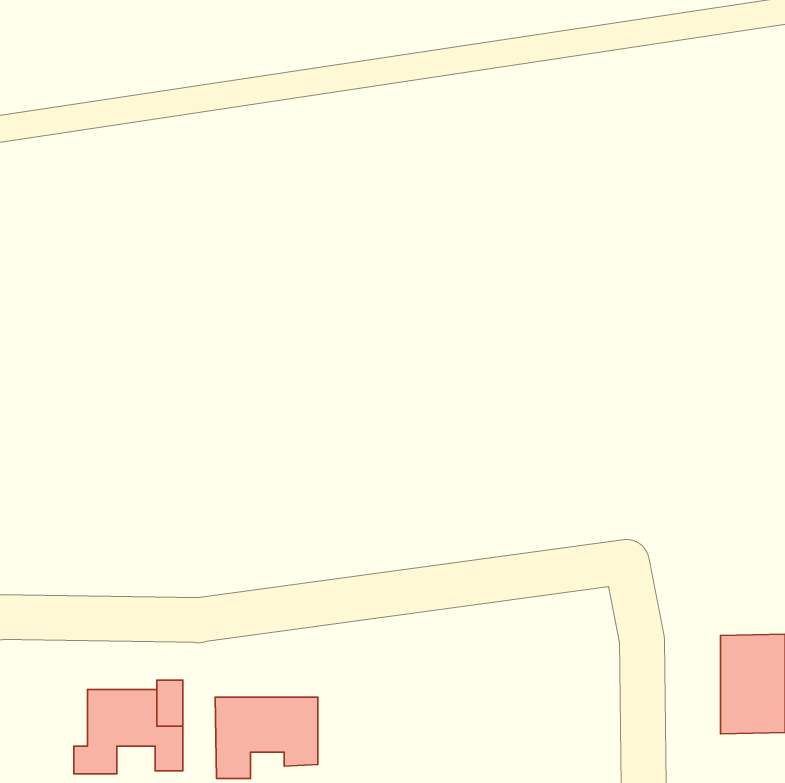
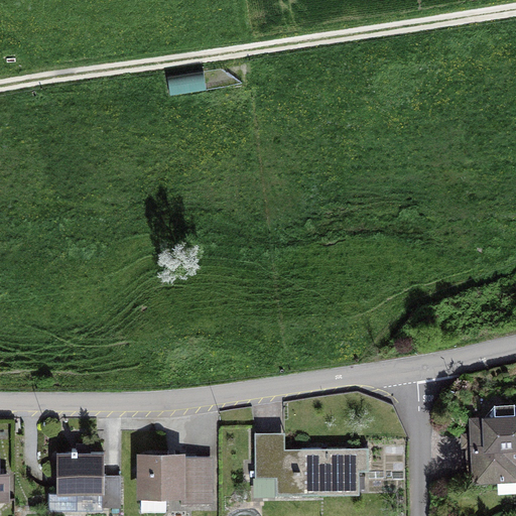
building: none -> [253,433,370,493]

